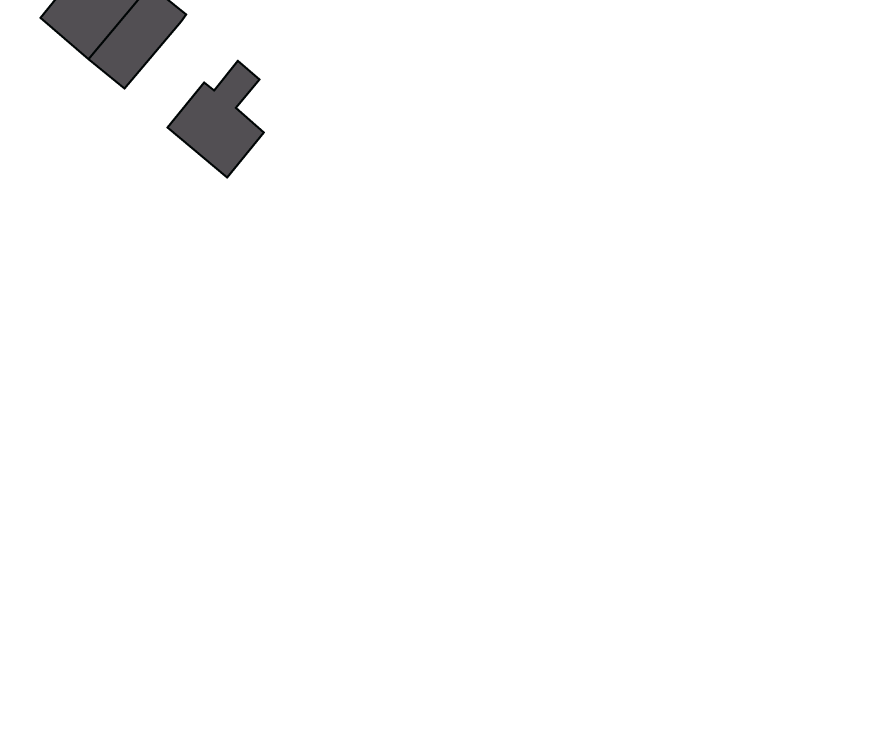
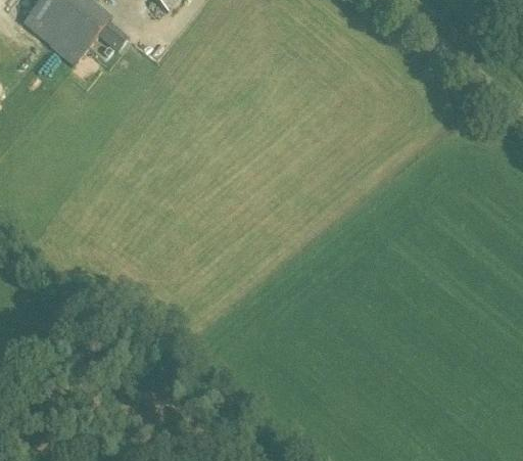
building: [167,61,264,177] -> none

